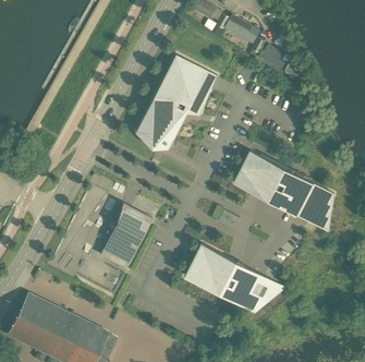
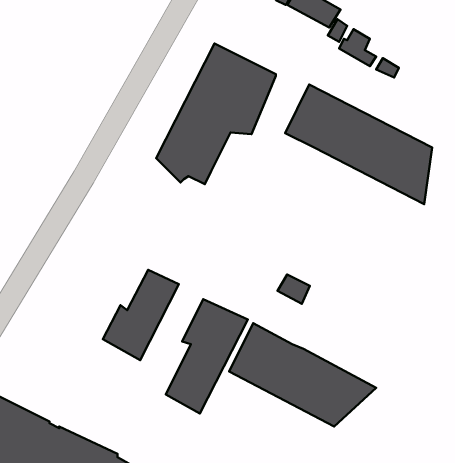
building: [232,150,331,231] -> [285,85,432,204]
building: none -> [166,299,248,413]

